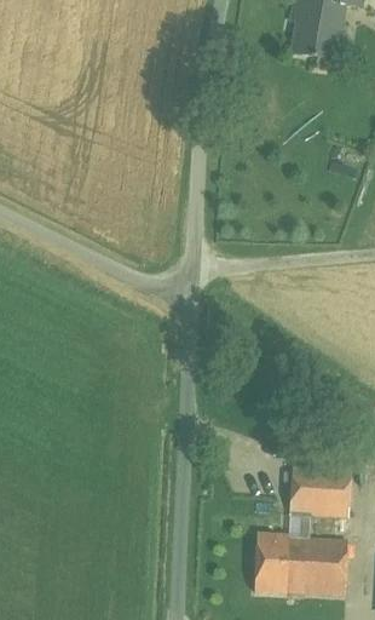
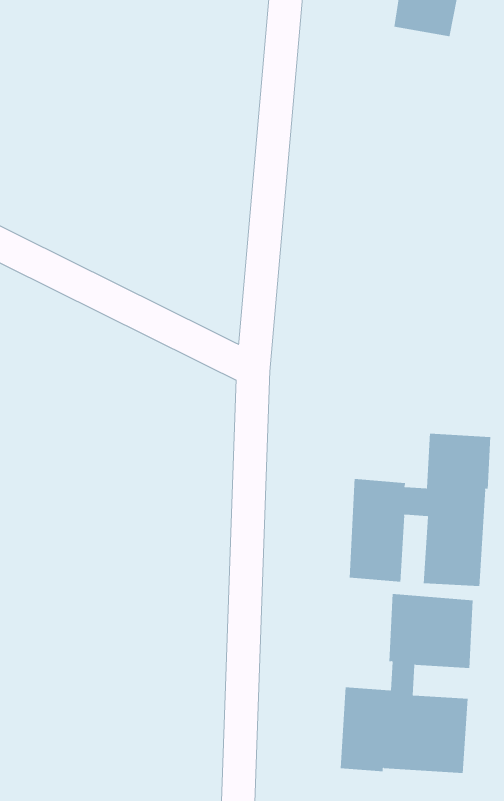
building: none -> [349,433,491,587]

